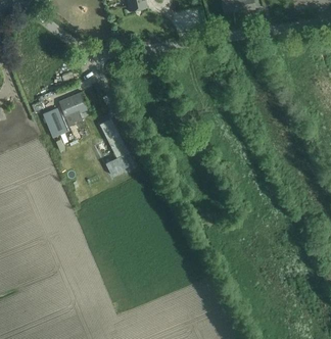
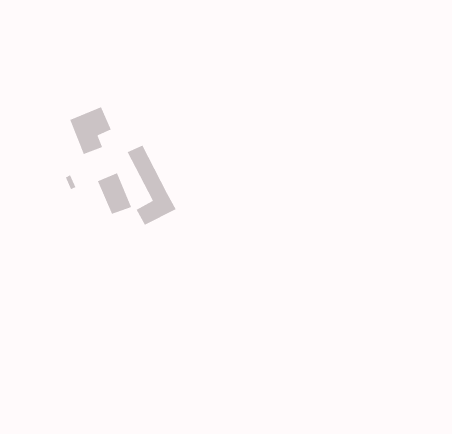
building: [42,106,66,136] -> [97,172,132,215]

